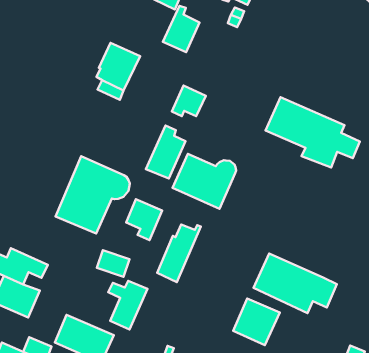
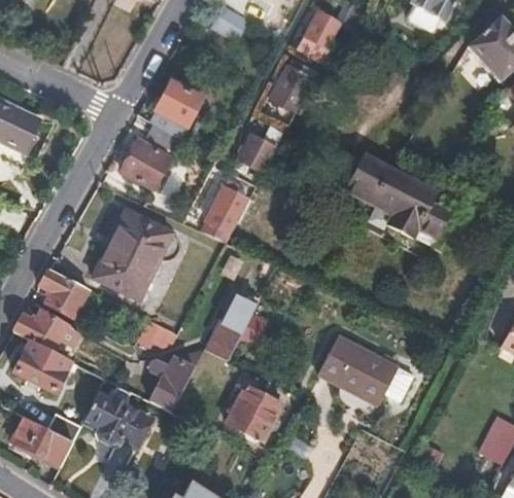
building: [163,6,199,52] -> [270,60,313,113]
building: none -> [124,139,172,186]
building: [173,154,236,209] -> none
building: [126,199,162,240] -> none
building: none -> [40,269,87,313]
building: [233,298,280,345] -> [226,385,280,439]

